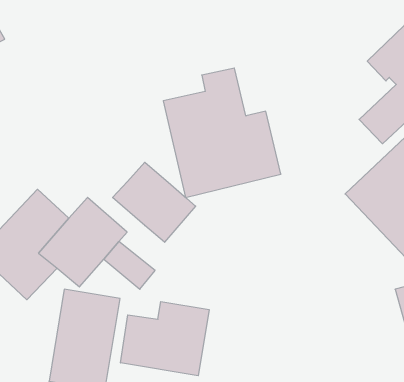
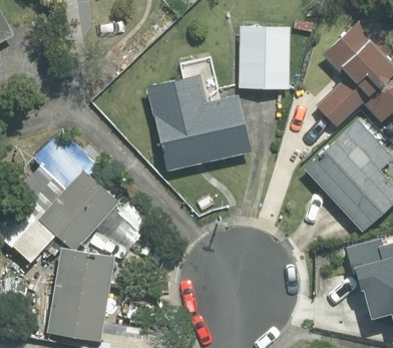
building: none -> [240,26,290,88]
building: [113,162,196,242] -> none
building: [121,302,209,376] -> none

